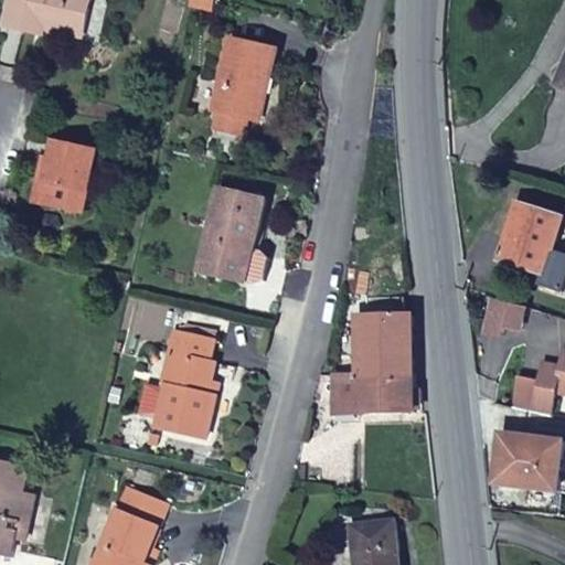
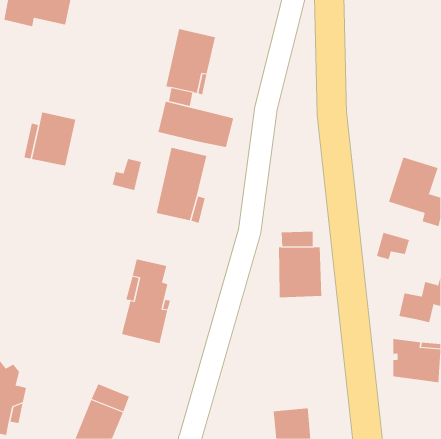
building: none -> [158,101,234,148]
building: none -> [112,158,142,191]
building: [332,374,412,413] -> none

